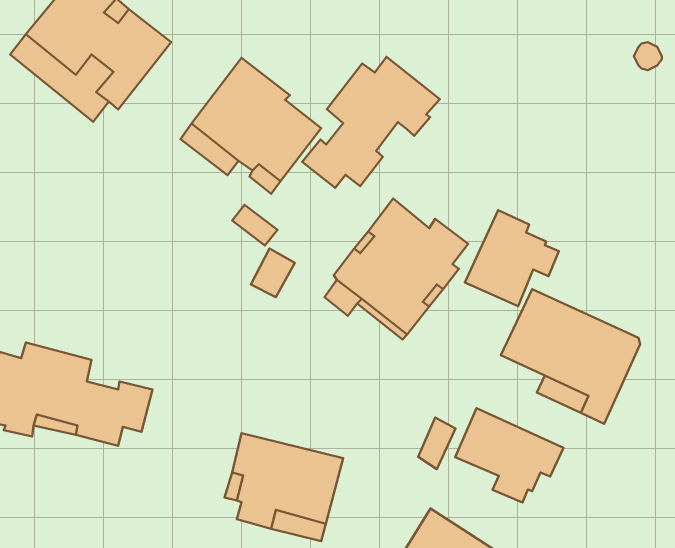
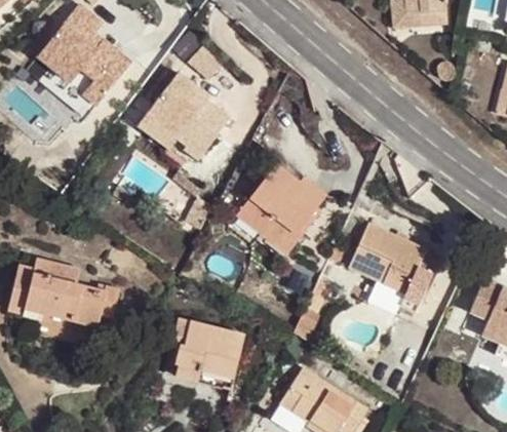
building: [302,57,440,188] -> none
building: [465,210,559,306] -> none
building: [455,408,563,503] -> none

